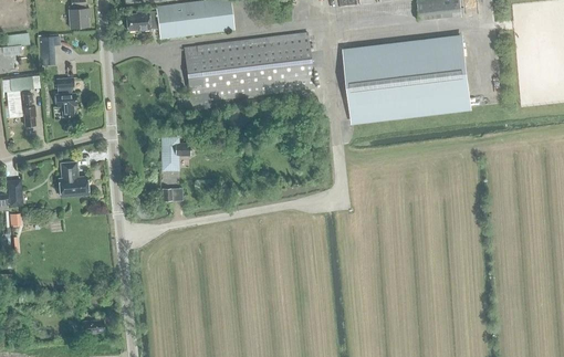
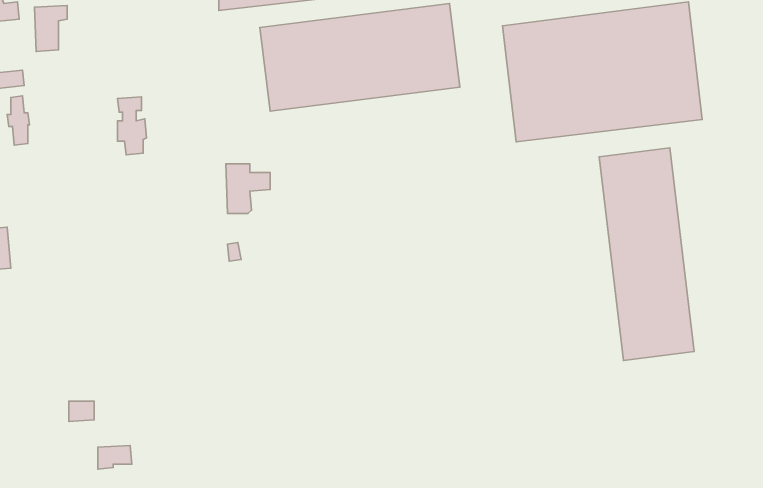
building: [56,78,75,116] -> [118,97,147,155]
building: none -> [599,148,694,360]
building: [53,165,82,199] -> none

